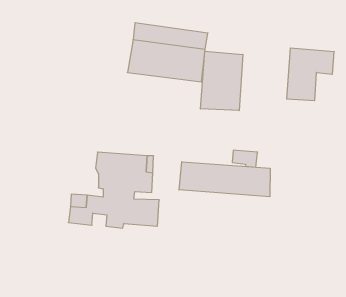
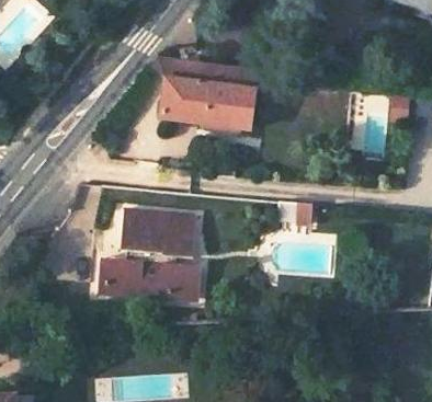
building: [201,51,243,111] -> none
building: [179,162,270,197] -> none

